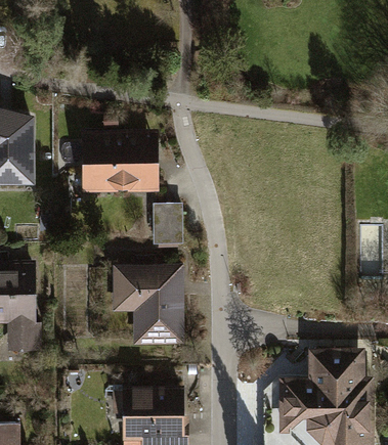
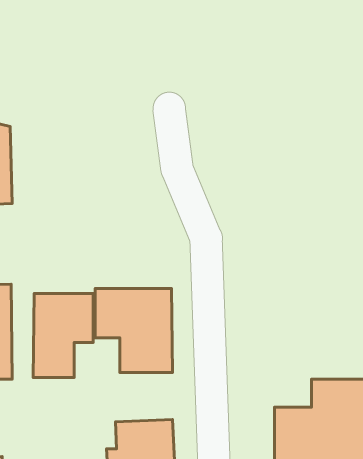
building: [83,129,157,190] -> none
building: [150,205,181,249] -> none
building: none -> [33,293,93,377]

